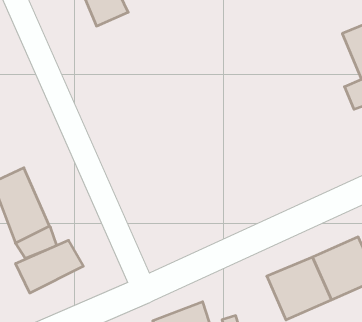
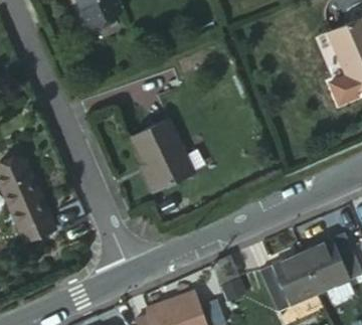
building: none -> [136,125,198,196]
building: [16,240,83,293] -> none

